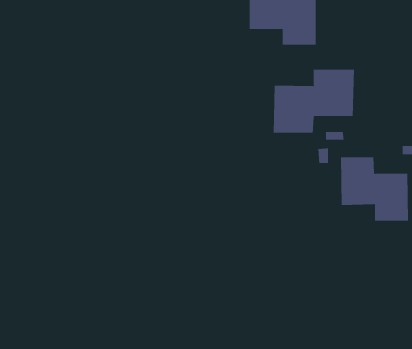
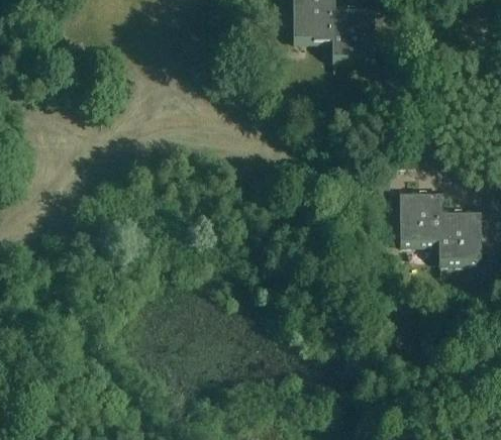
building: [273,69,354,133] -> none

